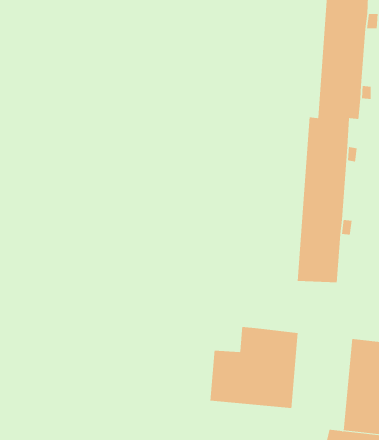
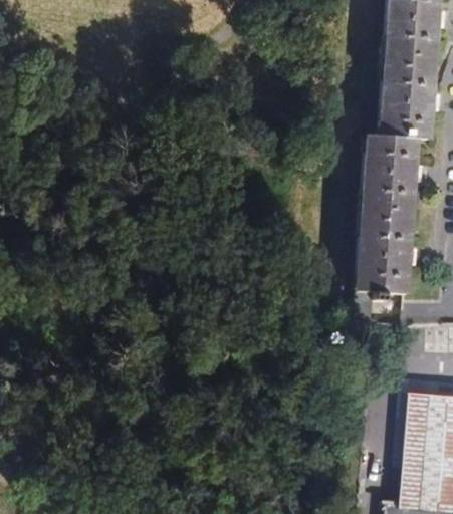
building: [210,326,298,409] -> none

